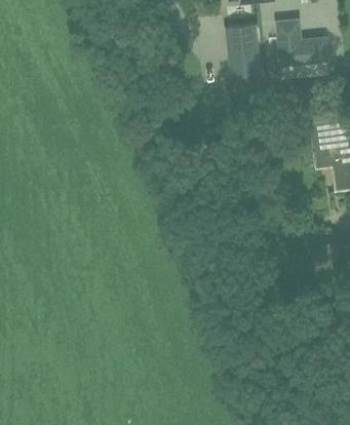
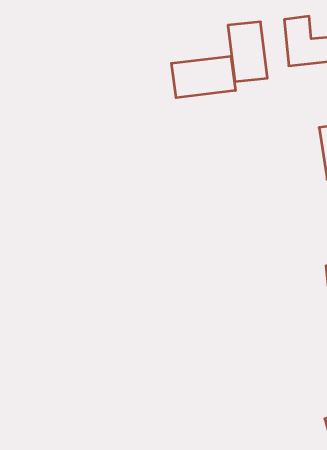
building: none -> [171,56,235,98]

